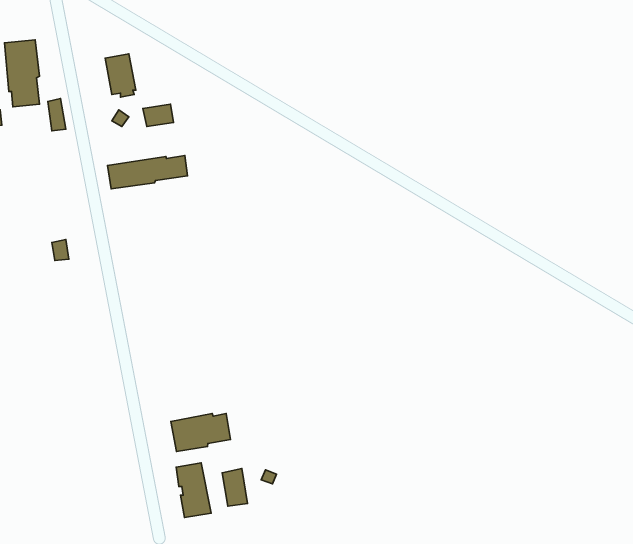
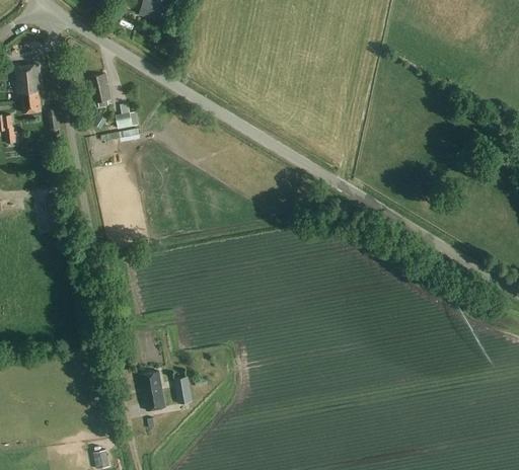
building: [107,156,187,189] -> none
building: [171,413,231,451] -> none

